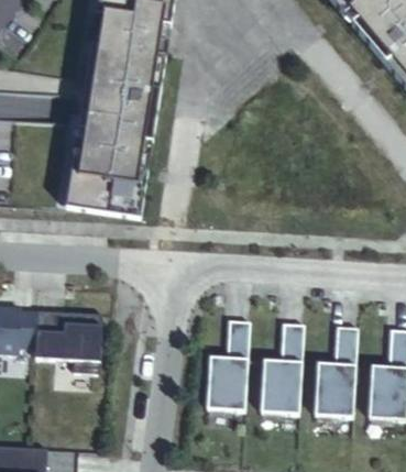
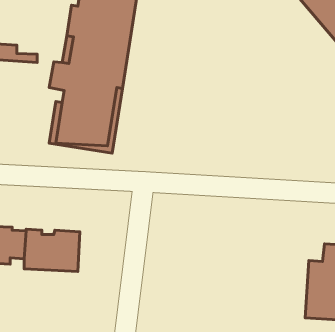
building: [207,319,250,409] -> none
building: [261,322,304,413] -> none
building: [315,325,358,416] -> none

